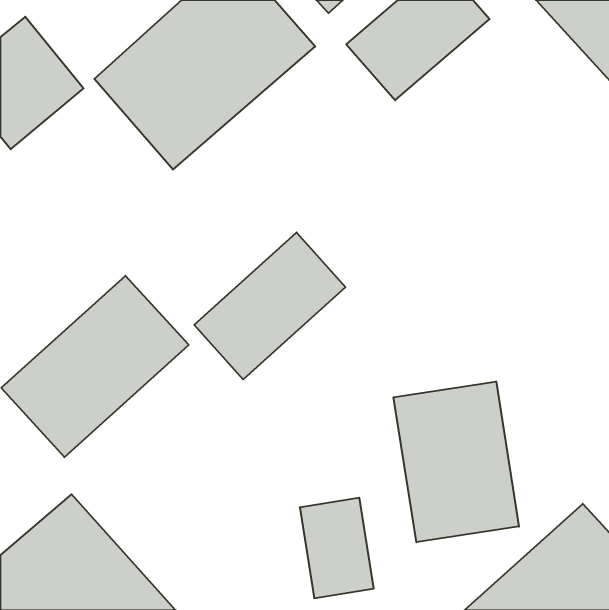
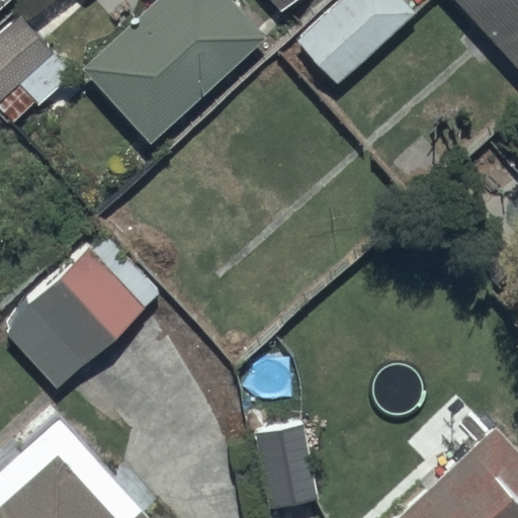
building: [194,232,345,379] -> none
building: [394,381,519,542] -> none

